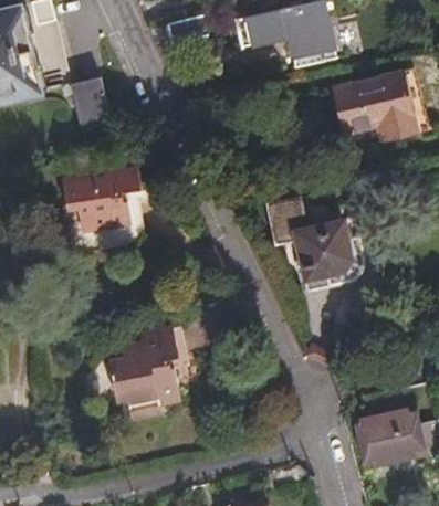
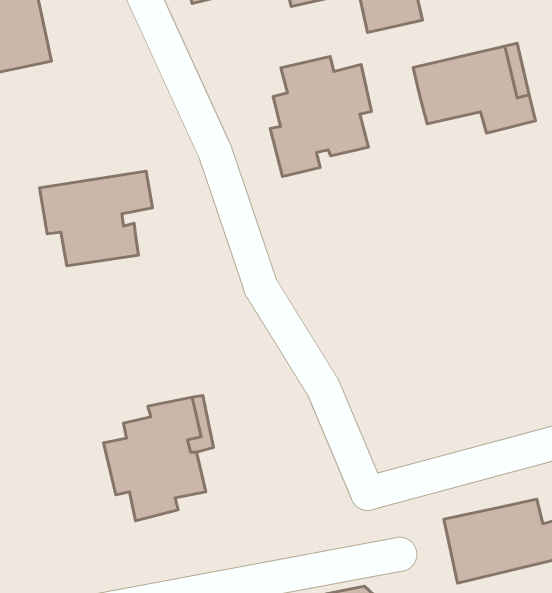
building: [69,81,105,126] -> none
building: none -> [270,57,371,176]
building: [272,202,364,293] -> none

